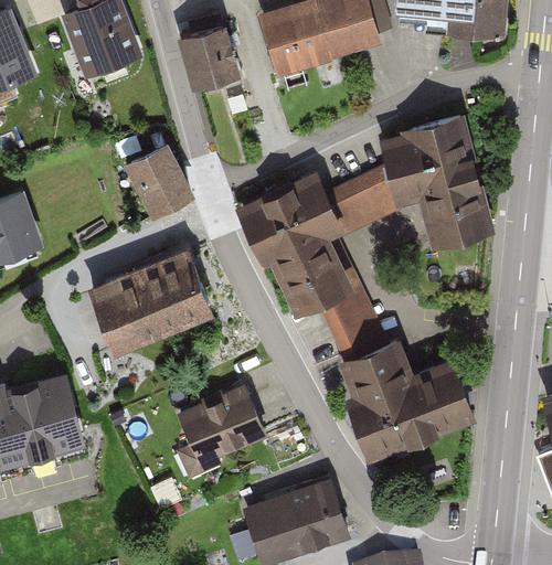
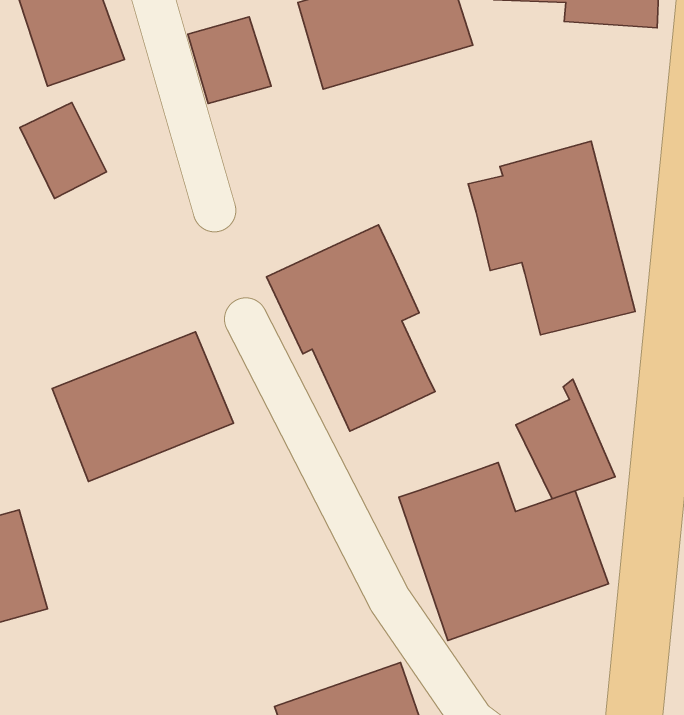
building: [127,151,188,218] -> [20,102,107,199]
building: [326,163,417,234] -> none
building: [317,275,386,359] -> [516,379,615,499]
building: [176,386,265,483] -> none

